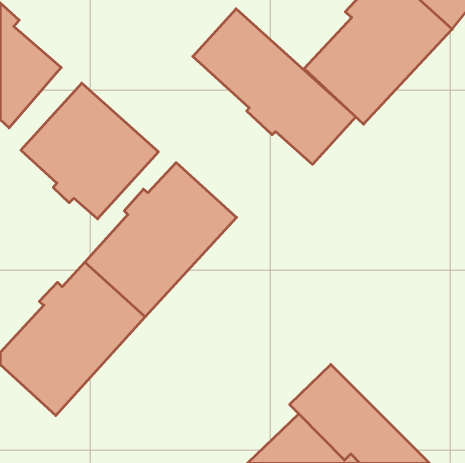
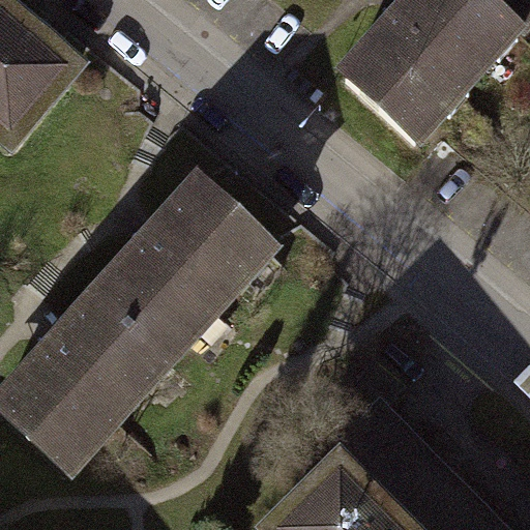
building: [193,9,356,164] -> none
building: [21,83,158,219] -> none

